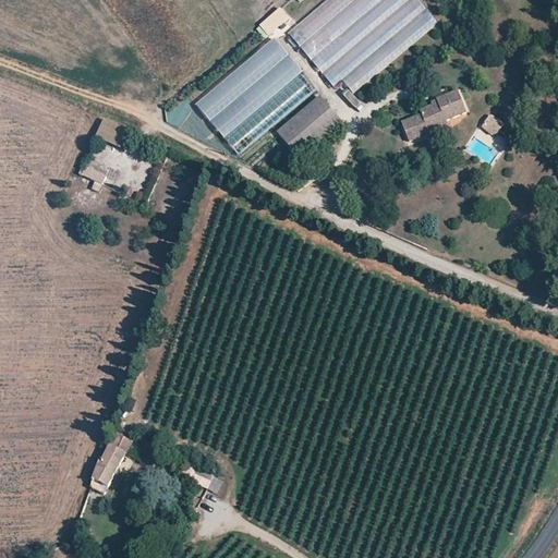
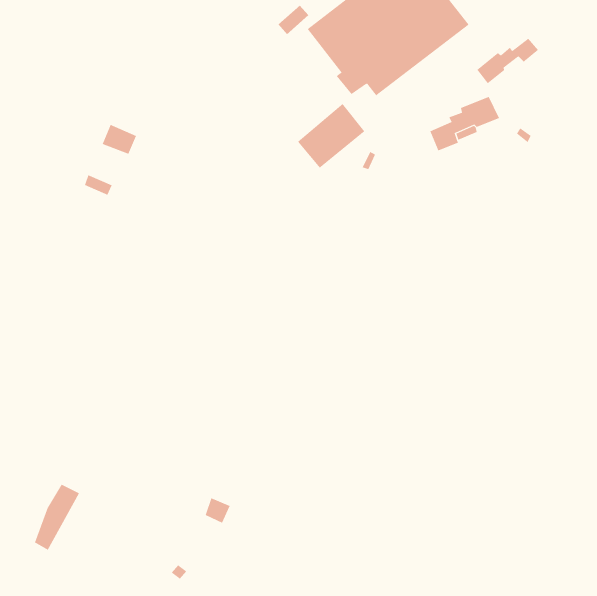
building: none -> [476,38,539,84]
building: [194,36,316,153] -> none
building: [89,430,132,493] -> [34,484,80,551]

